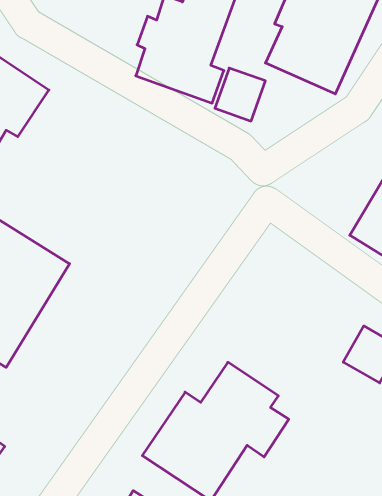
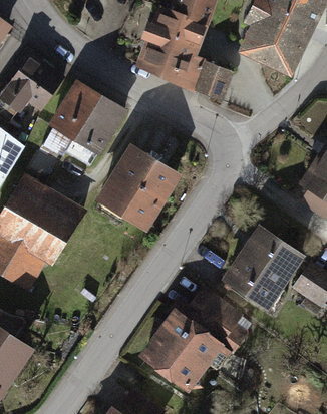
building: none -> [48,80,130,156]
building: none -> [93,145,179,232]
building: none -> [220,225,305,311]

